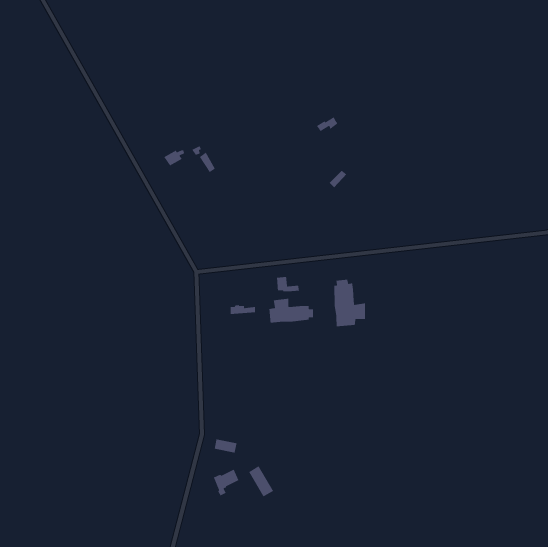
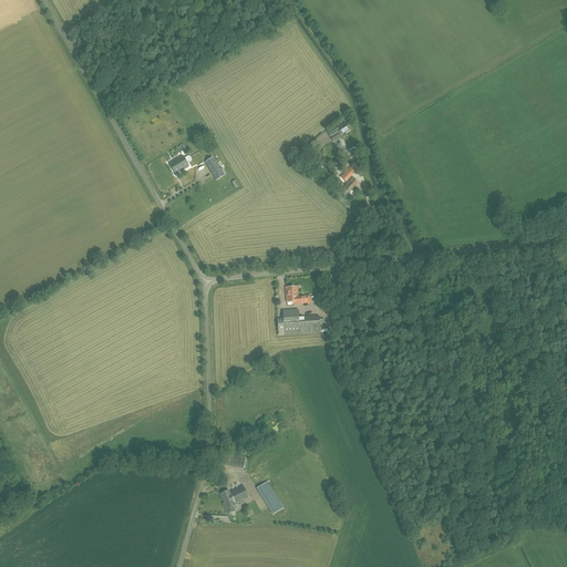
building: [333,279,366,327] -> none

